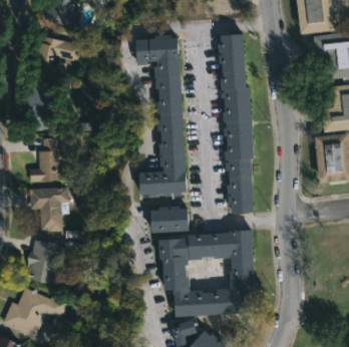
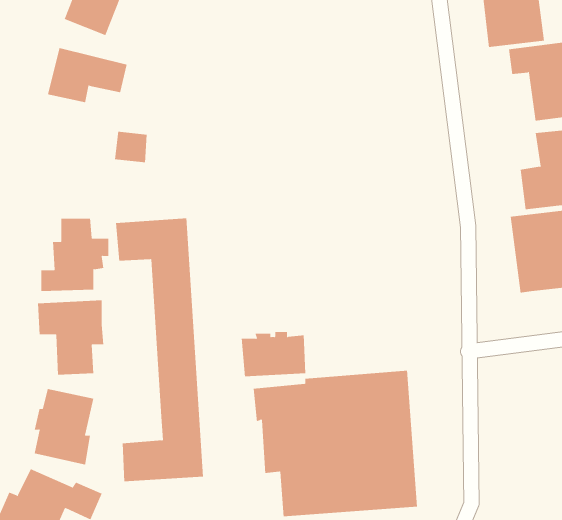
building: [219,33,254,214] -> none
building: [135,37,189,196] -> [115,218,204,482]
building: [16,81,65,131] -> none

